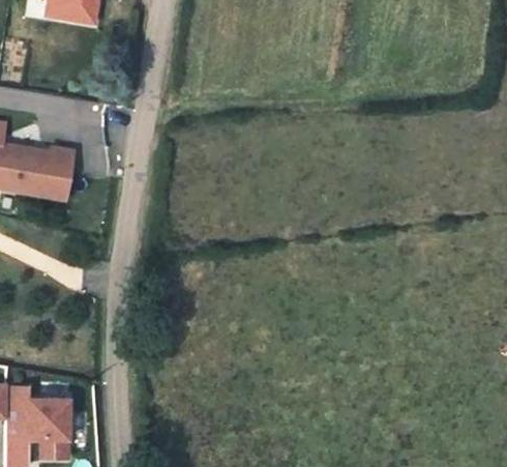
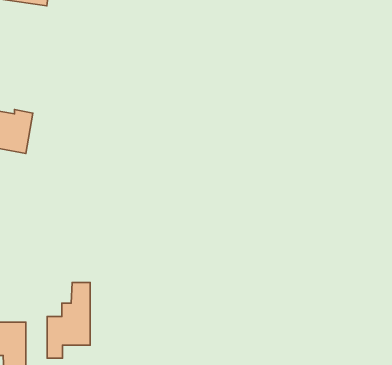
building: none -> [47,282,90,358]

